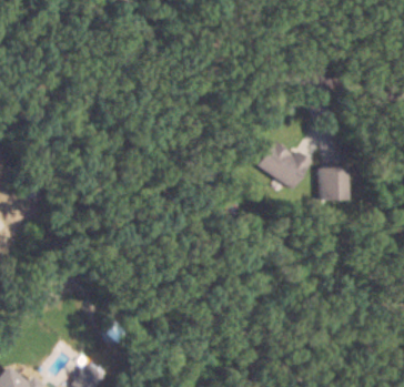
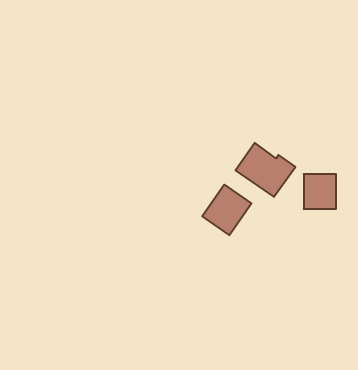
building: none -> [202,185,251,235]

